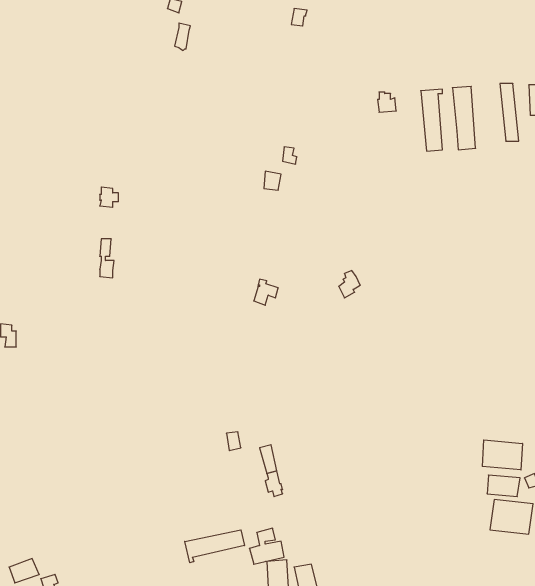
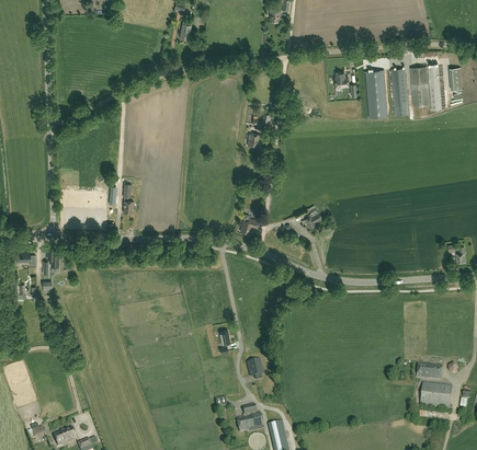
building: none -> [411,67,430,106]
building: [482,440,522,470] -> none
building: [185,530,244,563] -> none

